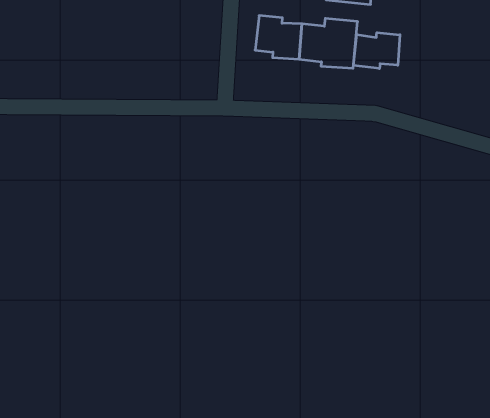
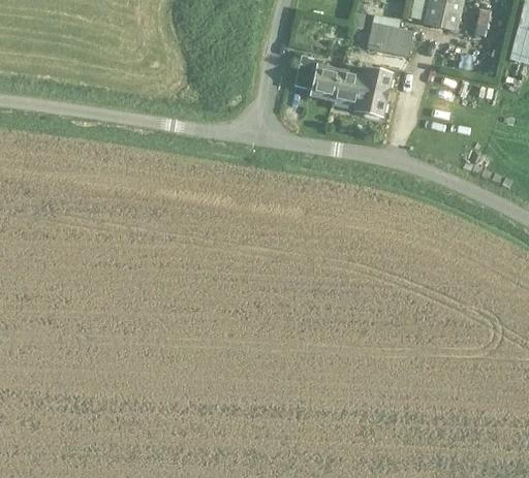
building: [353,33,400,69] -> none

